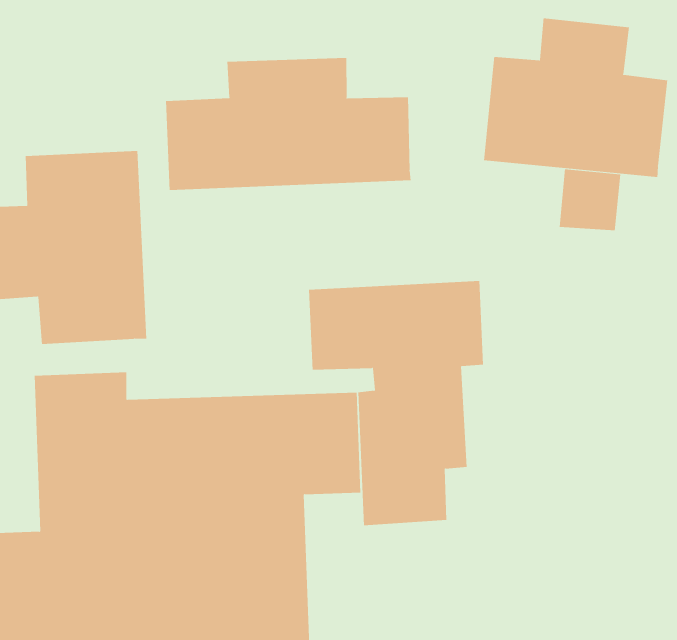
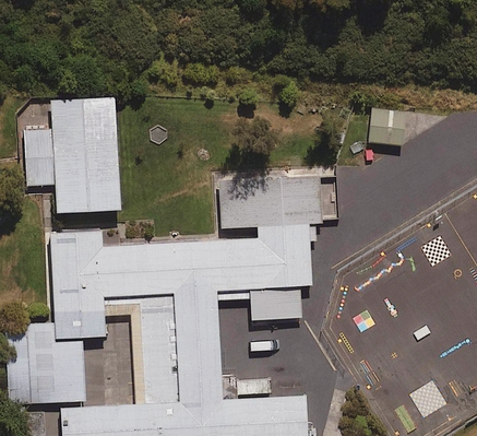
building: [484,18,668,178] -> none
building: [165,57,411,191] -> none

